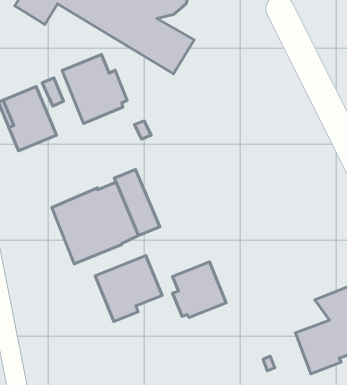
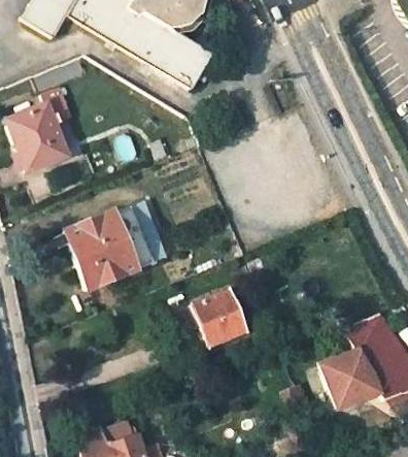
building: [62,54,127,123] -> none
building: [95,256,162,322] -> none

